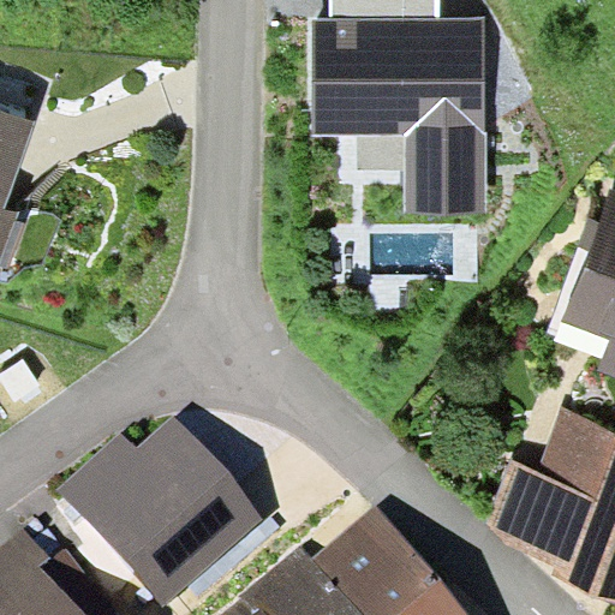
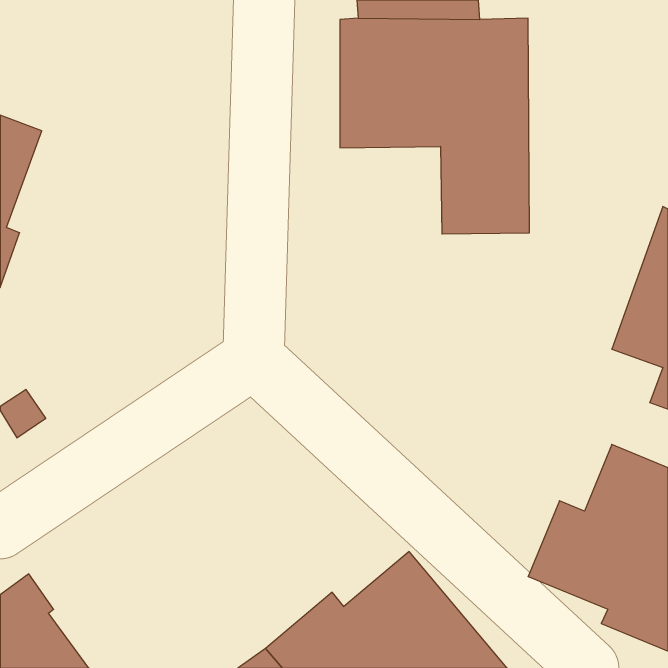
building: [59,416,264,607] -> none

